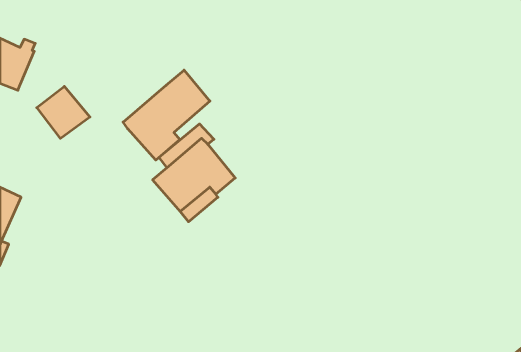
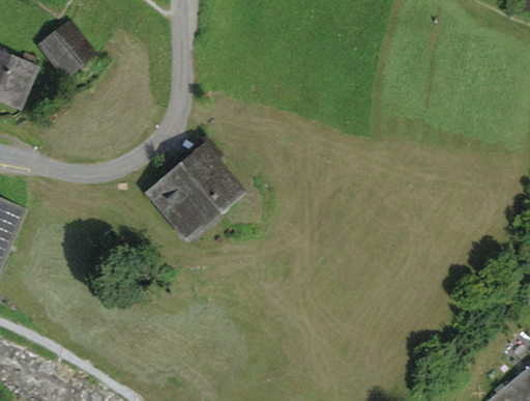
building: [123,70,210,160] -> none
building: [37,86,90,138] -> [40,22,94,75]

